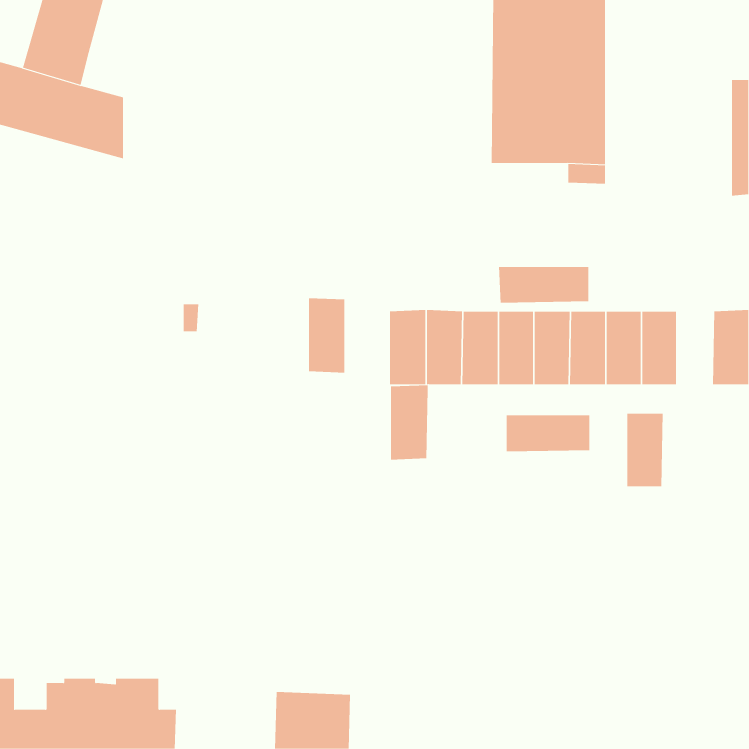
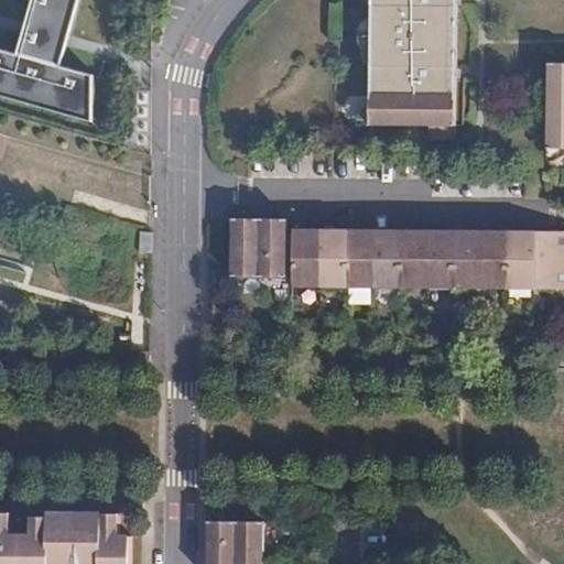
building: [498,266,589,303] -> none
building: [390,385,429,460] -> [258,223,286,279]
building: [627,413,663,487] -> [506,232,533,288]
building: [506,415,590,452] -> none

